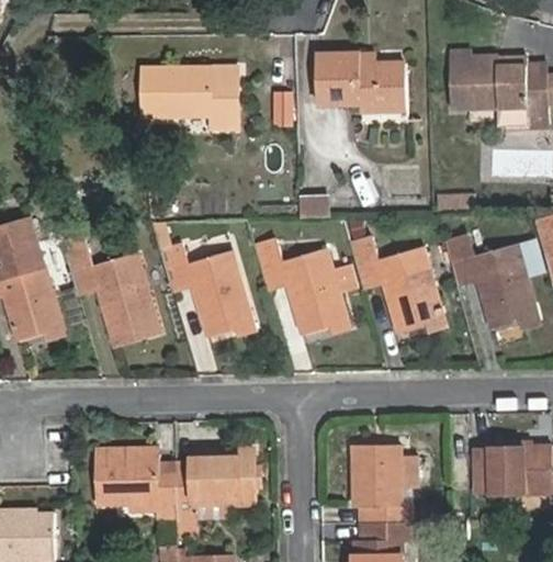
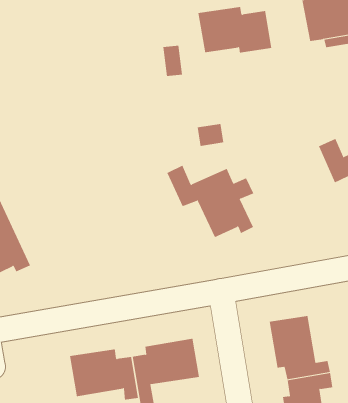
building: [142,67,238,130] -> none
building: [350,236,445,330] -> none
building: [159,243,257,335] -> none
building: [64,244,162,339] -> none

